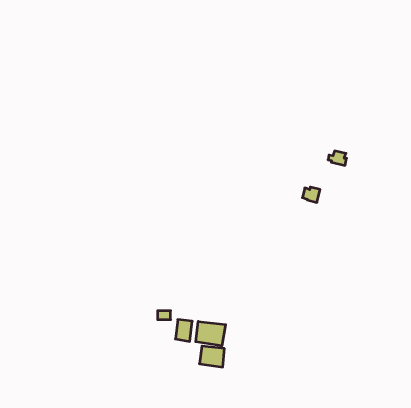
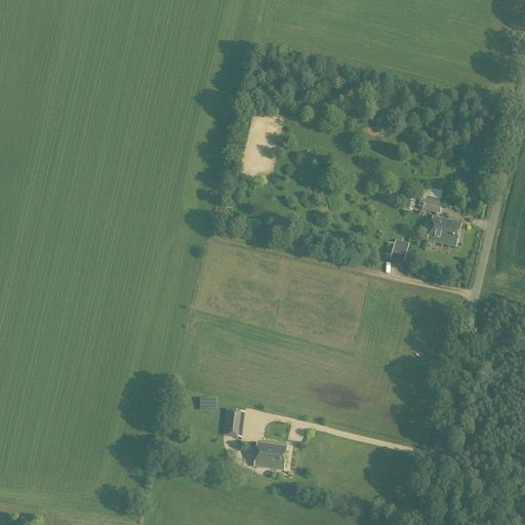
building: none -> [428,215,461,245]
building: [196,321,226,346] -> none

